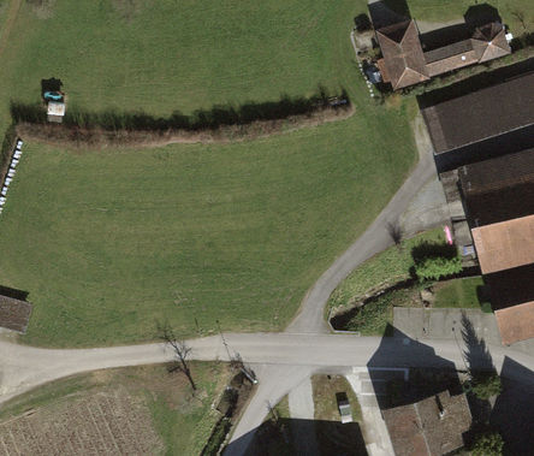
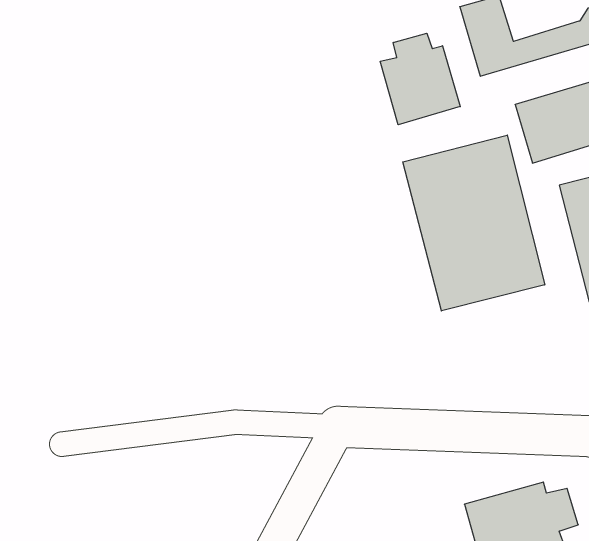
building: none -> [380,33,460,125]
building: none -> [403,135,545,311]

